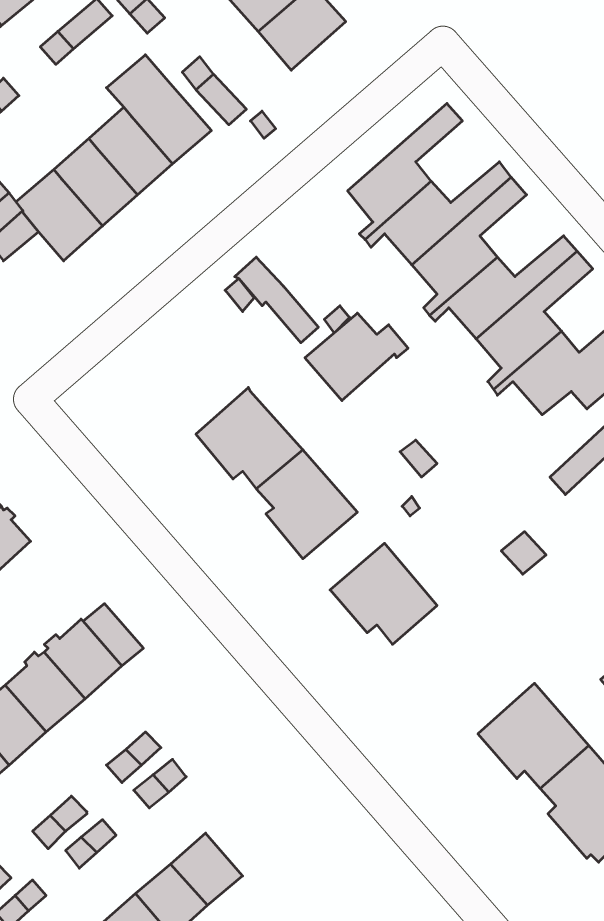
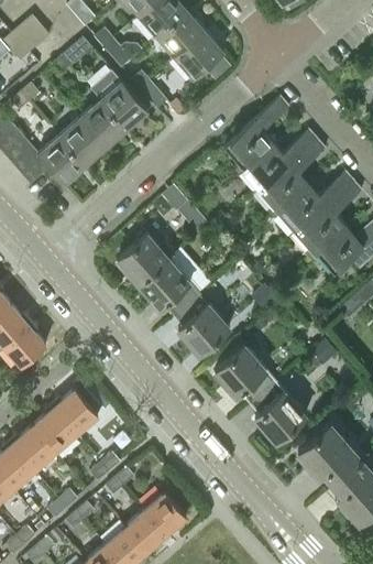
building: [305,313,408,401] -> [118,235,176,284]
building: none -> [250,381,306,443]
building: none -> [144,492,185,534]

